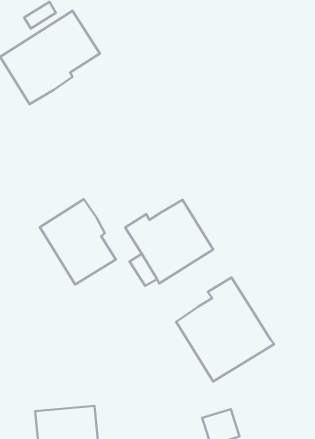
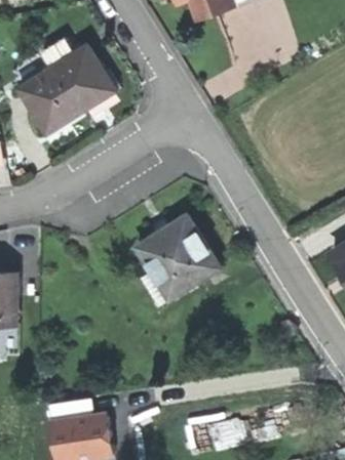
building: [40,199,116,285] -> none
building: [176,277,274,382] -> none

